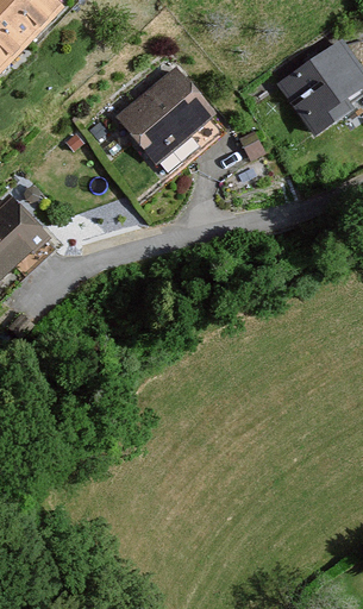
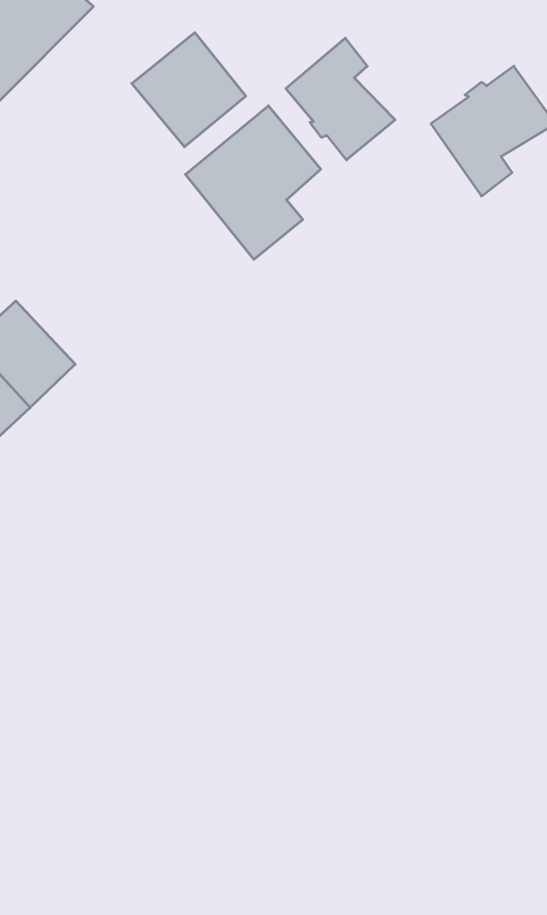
building: none -> [132,33,246,147]
building: none -> [286,38,395,160]

